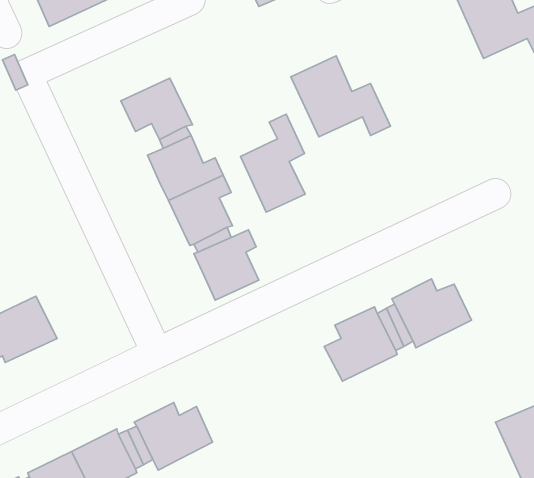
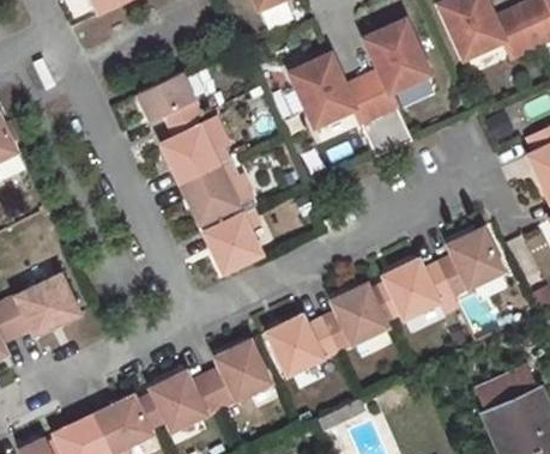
building: none -> [362,22,430,120]
building: [240,114,305,212] -> none
building: none -> [437,226,502,295]
building: none -> [265,314,337,375]
building: none -> [205,338,270,405]

